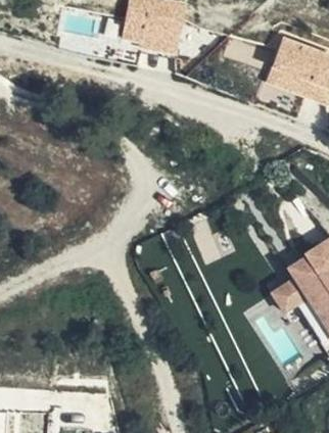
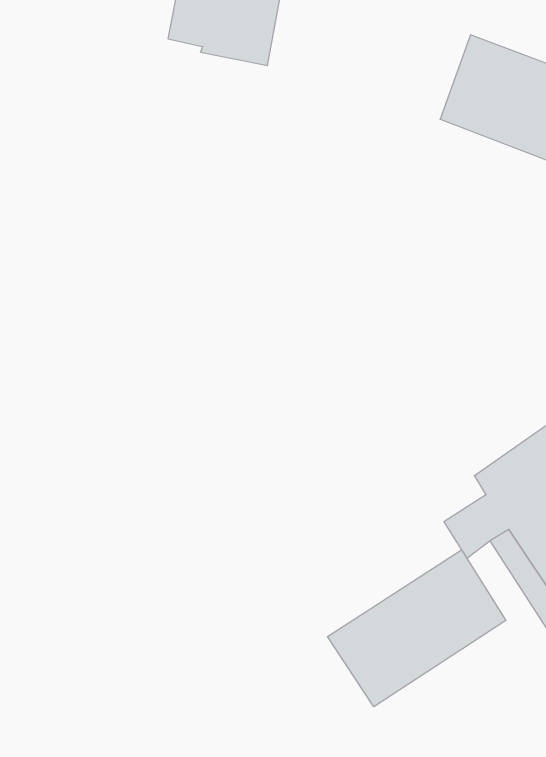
building: none -> [327,550,506,707]

